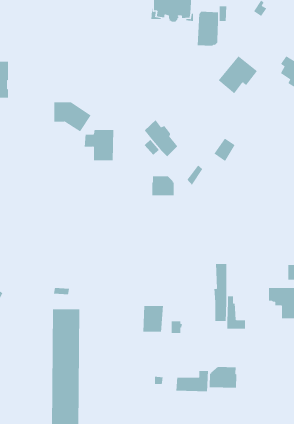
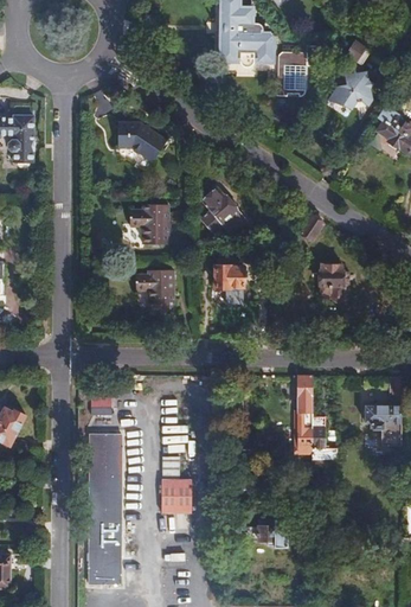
building: [218,55,258,94] -> [327,64,378,114]
building: [54,102,92,132] -> [117,120,166,159]
building: none -> [320,263,346,301]
building: none -> [135,268,173,307]
building: [143,305,164,332] -> [159,478,186,512]
building: [209,366,237,388] -> none

